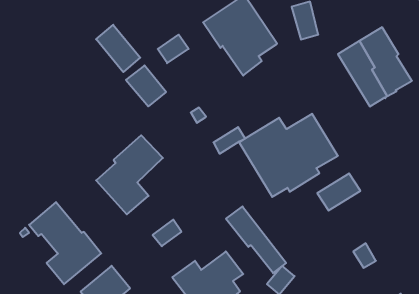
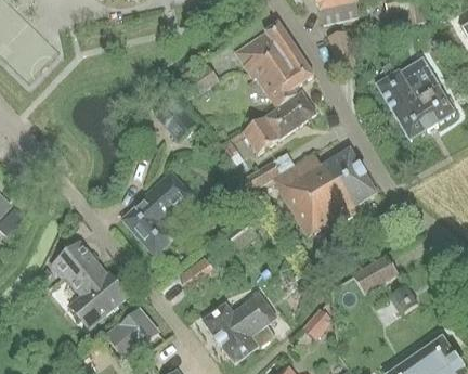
building: [96,25,140,72] -> none
building: none -> [243,91,316,153]
building: [317,173,360,211] -> [353,255,399,294]
building: [226,206,286,273] -> none

